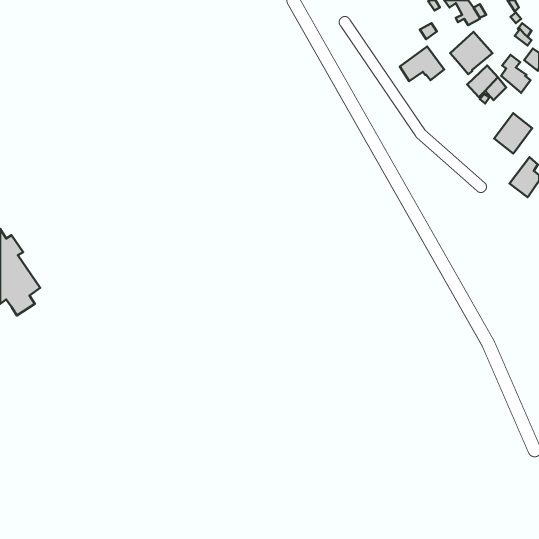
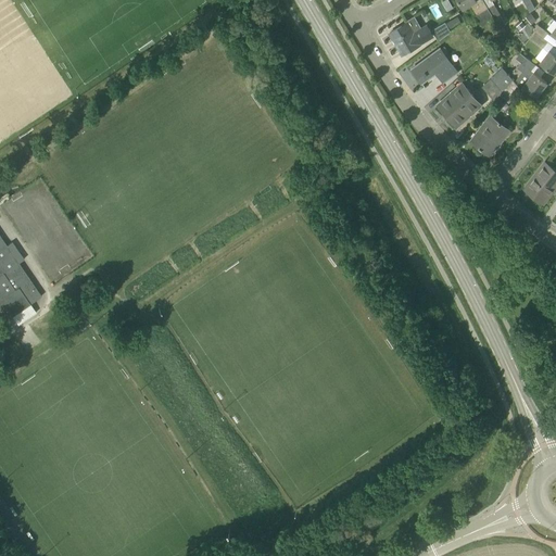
building: none -> [389,23,432,55]
building: [450,32,492,74] -> [438,83,481,126]
building: [494,113,532,153] -> [470,115,509,156]

